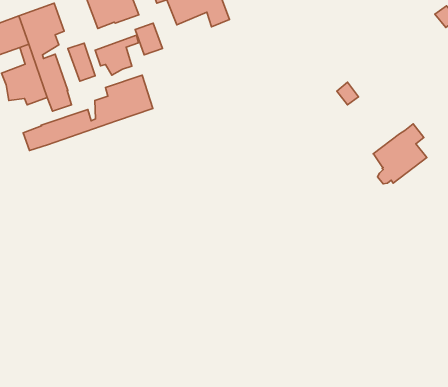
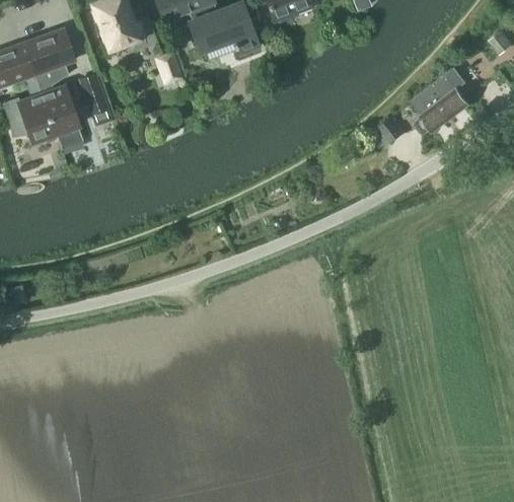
building: [95,35,139,75] -> none
building: [23,75,153,150] -> none
building: [373,124,427,184] -> [410,67,469,134]

